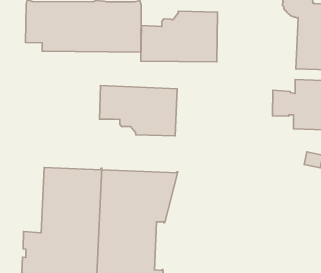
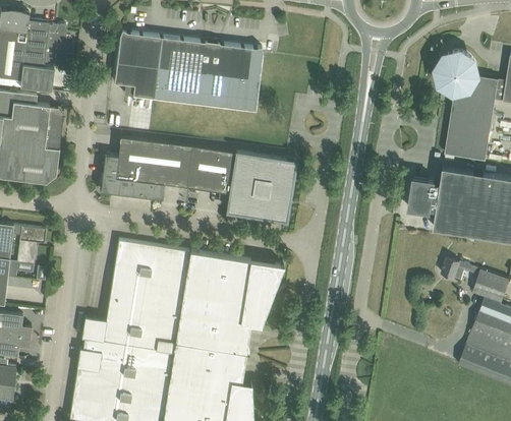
building: [141,11,218,62] -> none
building: none -> [101,137,201,199]

